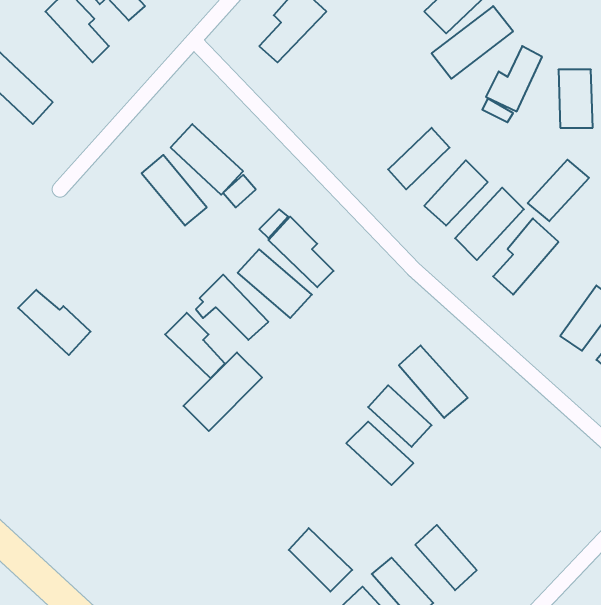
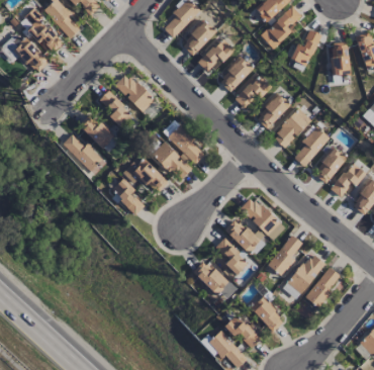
building: none -> [25,8,64,51]
building: none -> [181,20,216,56]
building: none -> [199,38,236,71]
building: none -> [218,57,254,92]
building: [528,160,589,221] -> [313,149,348,183]
building: none -> [80,114,114,149]
building: [18,290,91,355] -> [62,134,102,171]
building: [183,352,262,431] -> none
building: none -> [269,235,304,275]
building: none -> [283,253,325,300]
building: none -> [305,267,342,307]
building: [289,528,352,592] -> [193,260,228,295]

